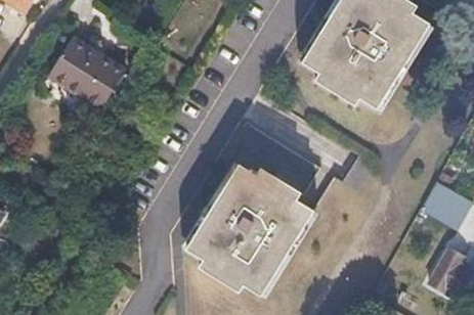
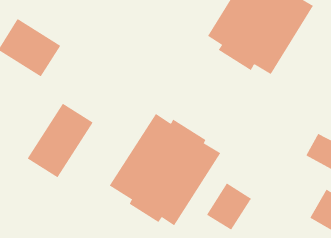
building: none -> [27,103,93,178]
building: none -> [206,182,252,230]

